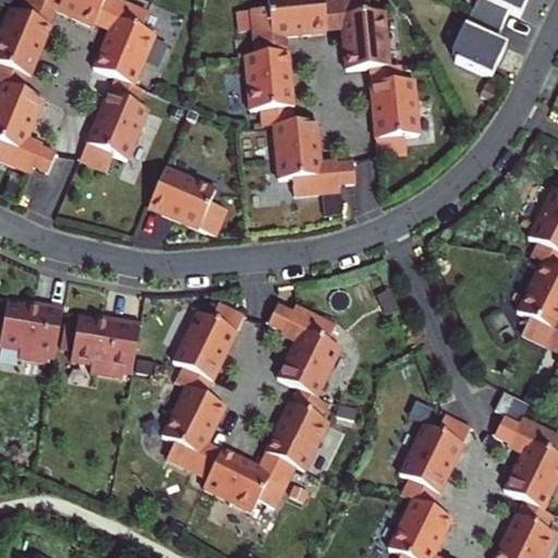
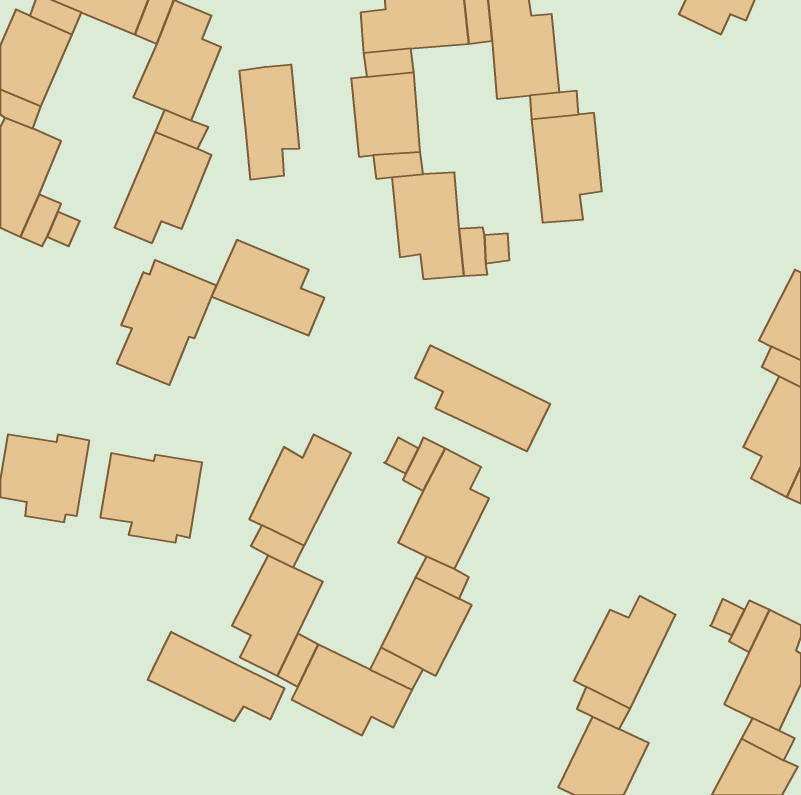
building: [450,10,506,76] -> none
building: none -> [240,64,299,180]
building: none -> [117,260,216,385]
building: none -> [415,345,550,451]
building: none -> [148,632,284,721]

